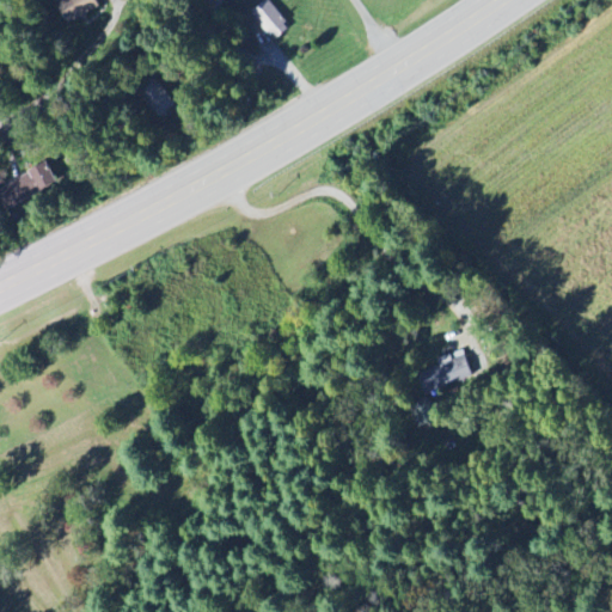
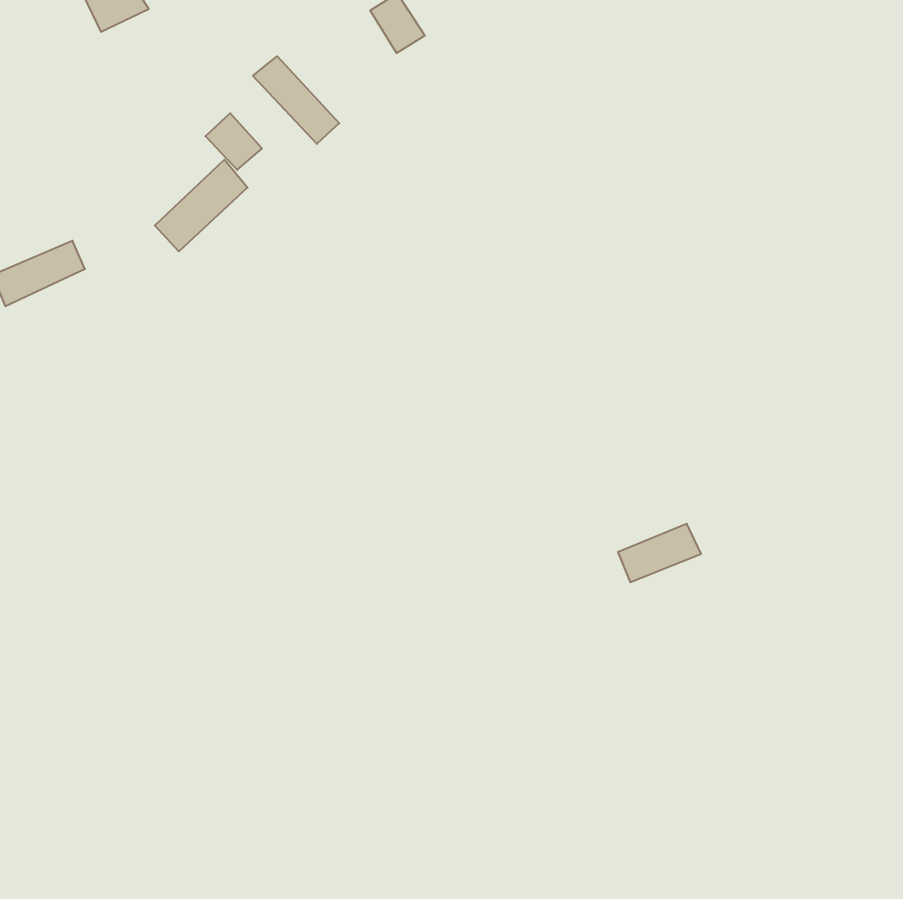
building: none -> [253,56,339,144]
building: none -> [155,160,248,251]

